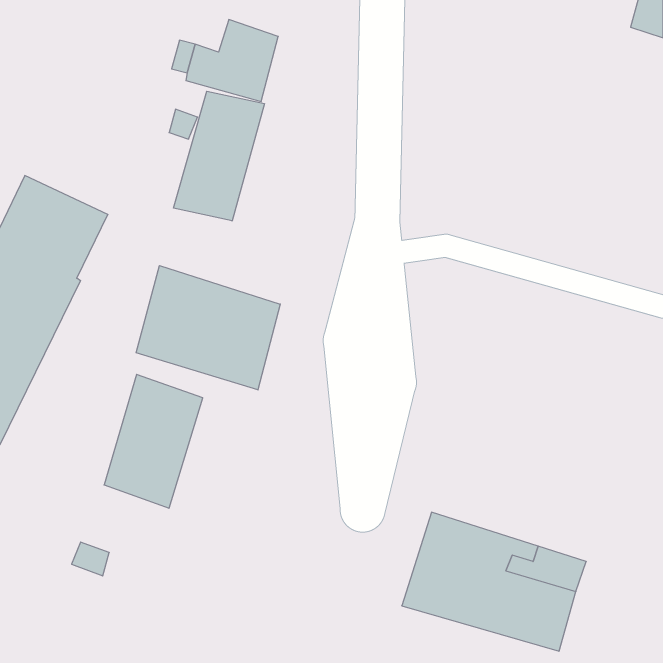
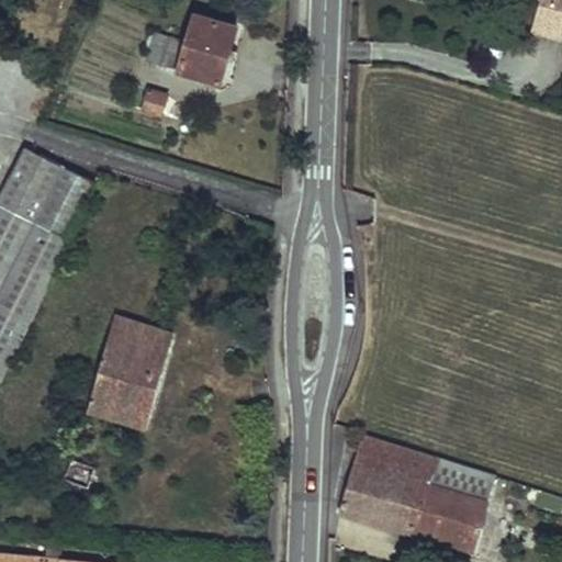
building: [174,91,264,221] -> none
building: [136,266,280,390] -> none

